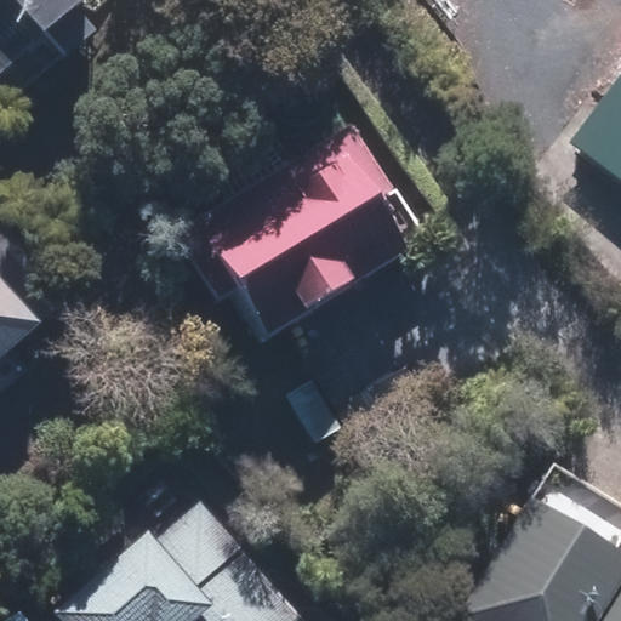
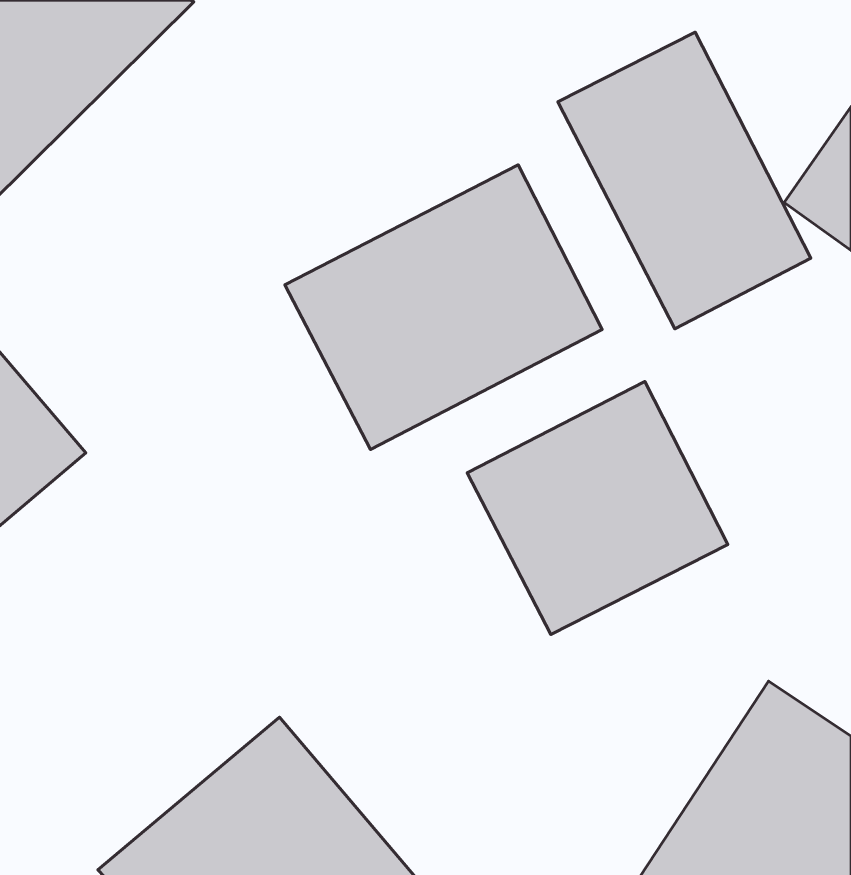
building: none -> [558,32,811,329]
building: none -> [467,382,728,635]

